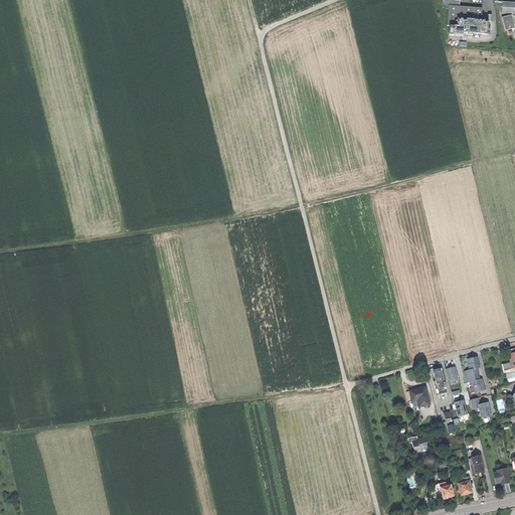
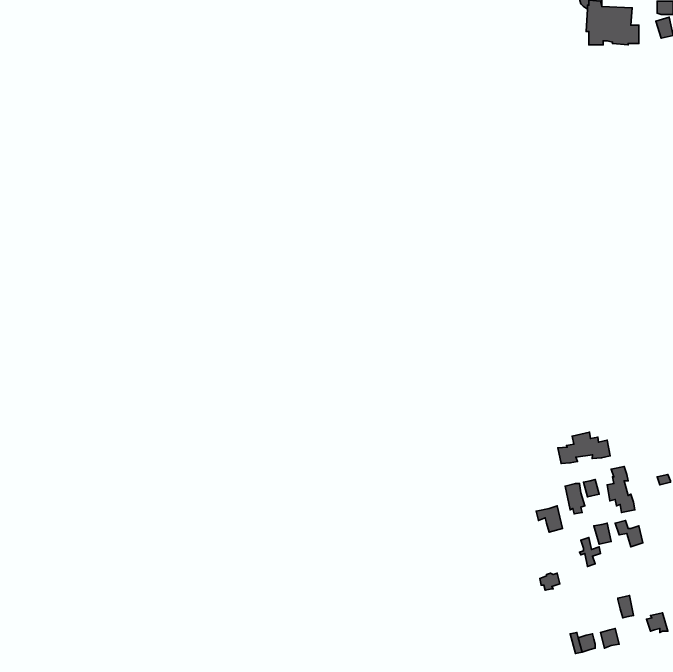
building: none -> [558,432,610,464]

